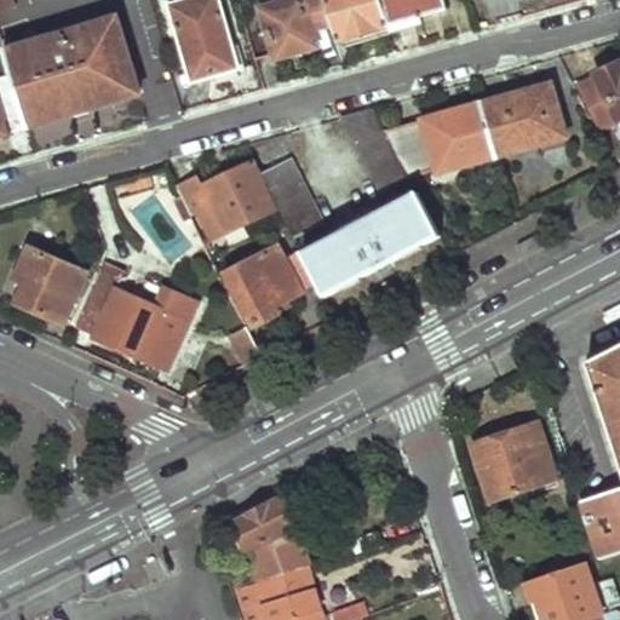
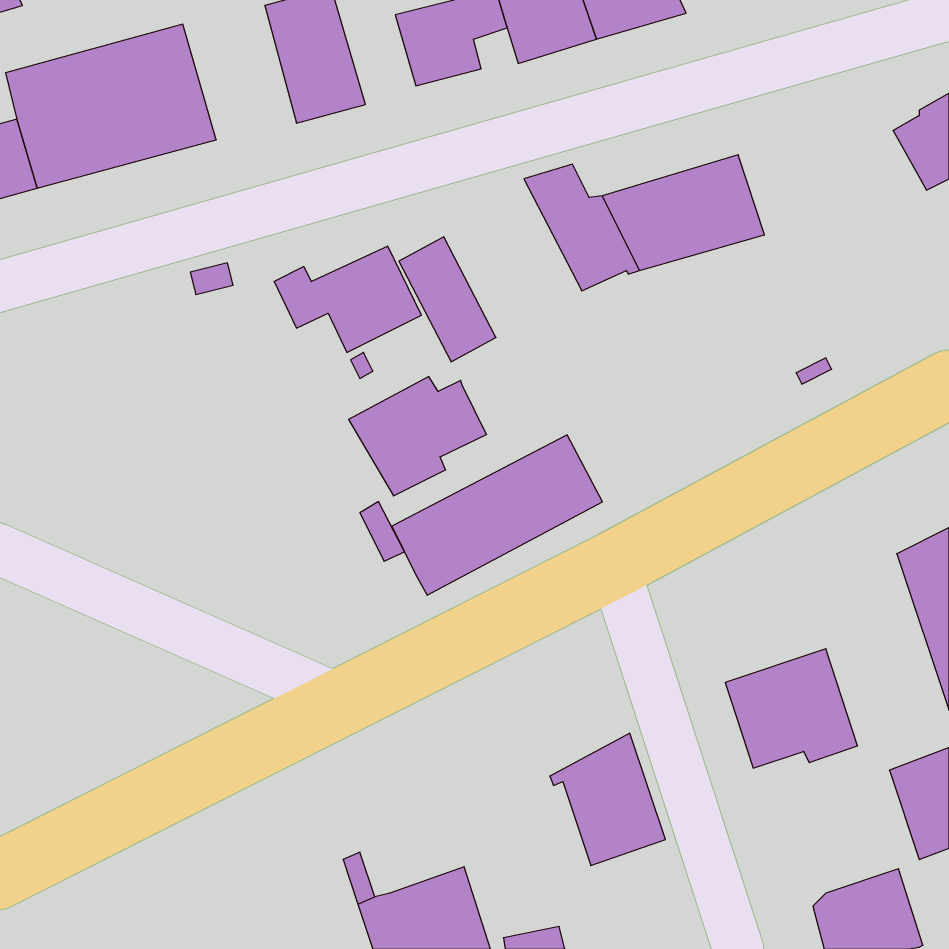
building: [480,84,561,153] -> none
building: [300,191,437,295] -> [392,435,602,595]
building: [13,246,86,323] -> none
building: [76,263,199,368] -> none
building: [226,494,302,580] -> [550,733,665,866]

